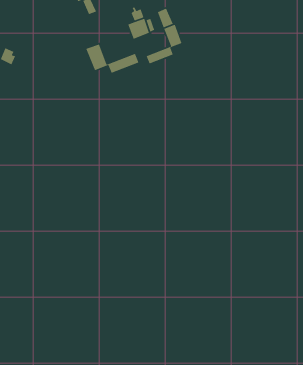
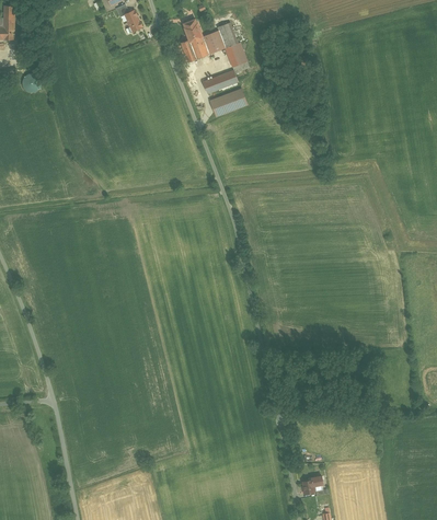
building: [86,43,140,74] -> none
building: none -> [209,88,246,115]

